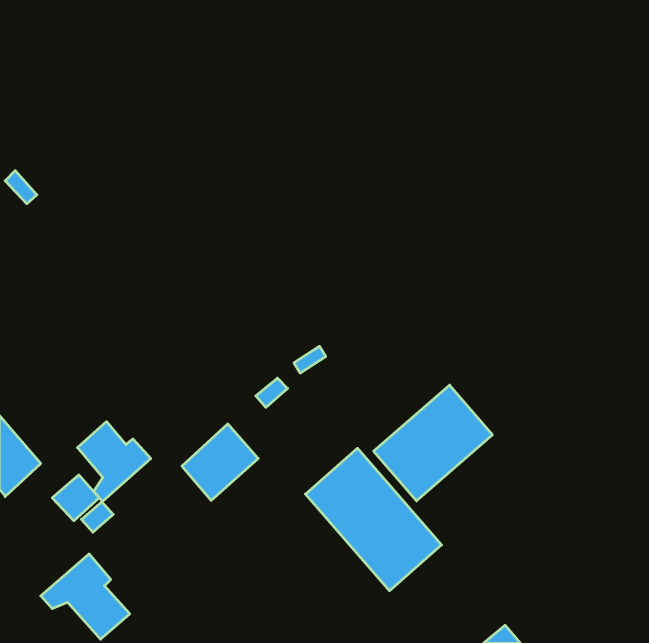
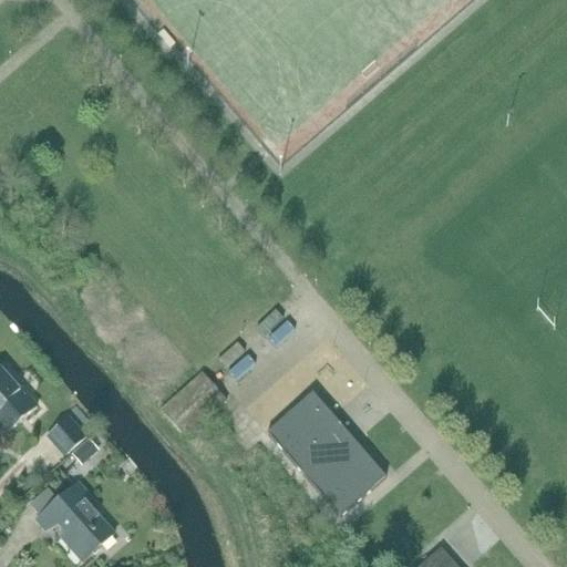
building: [374,385,492,501] -> none
building: [77,422,151,501] -> none

